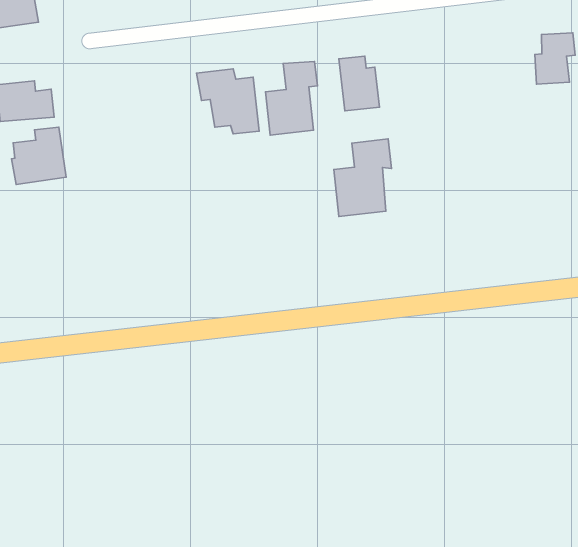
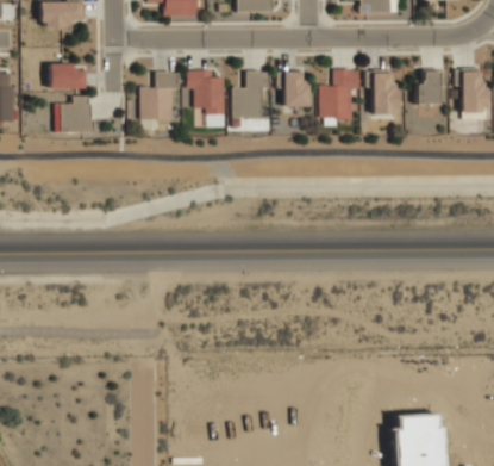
building: none -> [373,72,396,114]
building: none -> [140,72,180,120]
building: [334,139,391,216] -> [320,69,359,118]

